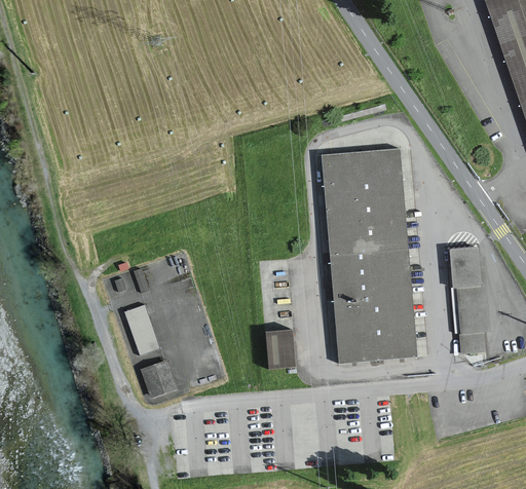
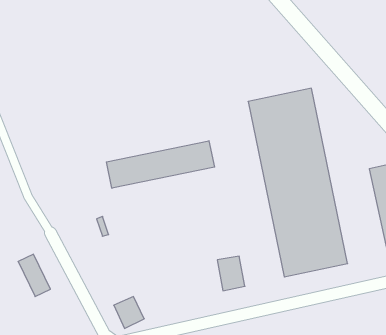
building: none -> [106,141,215,188]
building: [125,305,158,353] -> [18,254,50,297]

